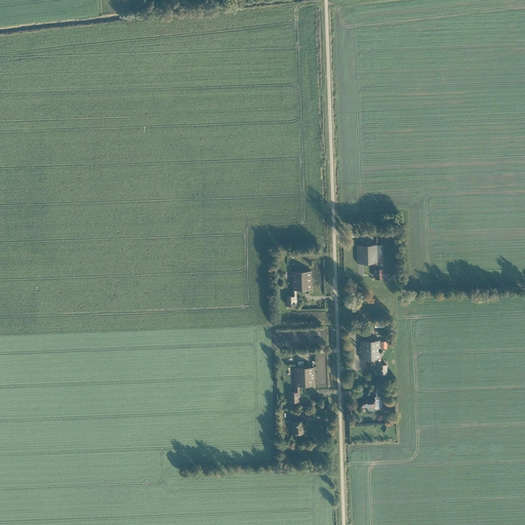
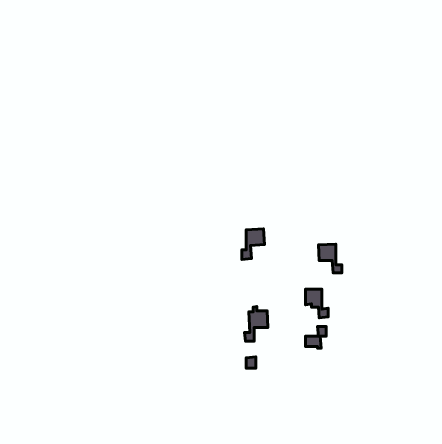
building: [359,245,387,279] -> [318,244,342,273]

